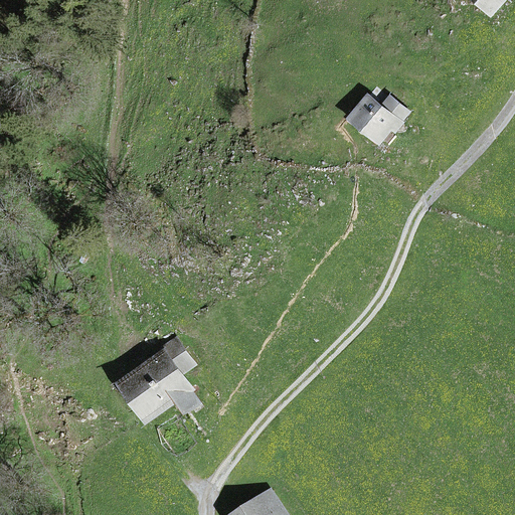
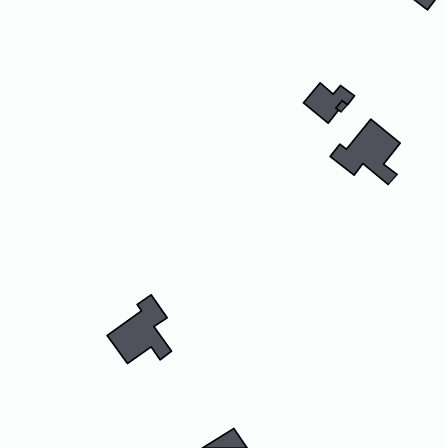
building: none -> [330,119,400,185]

